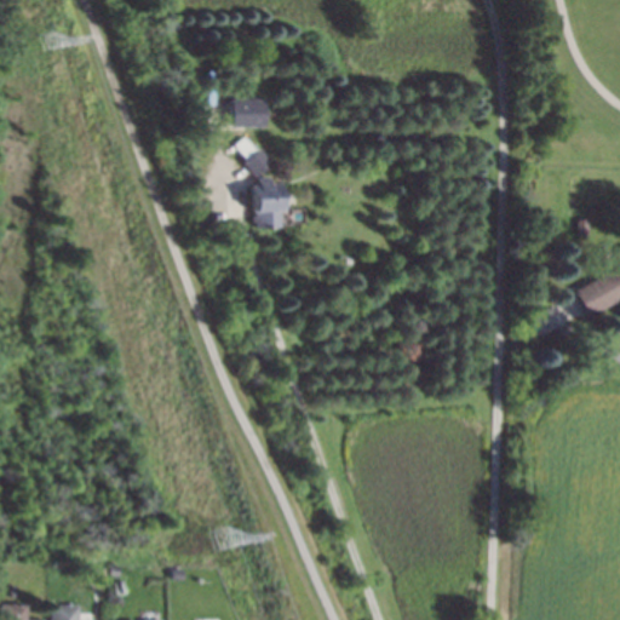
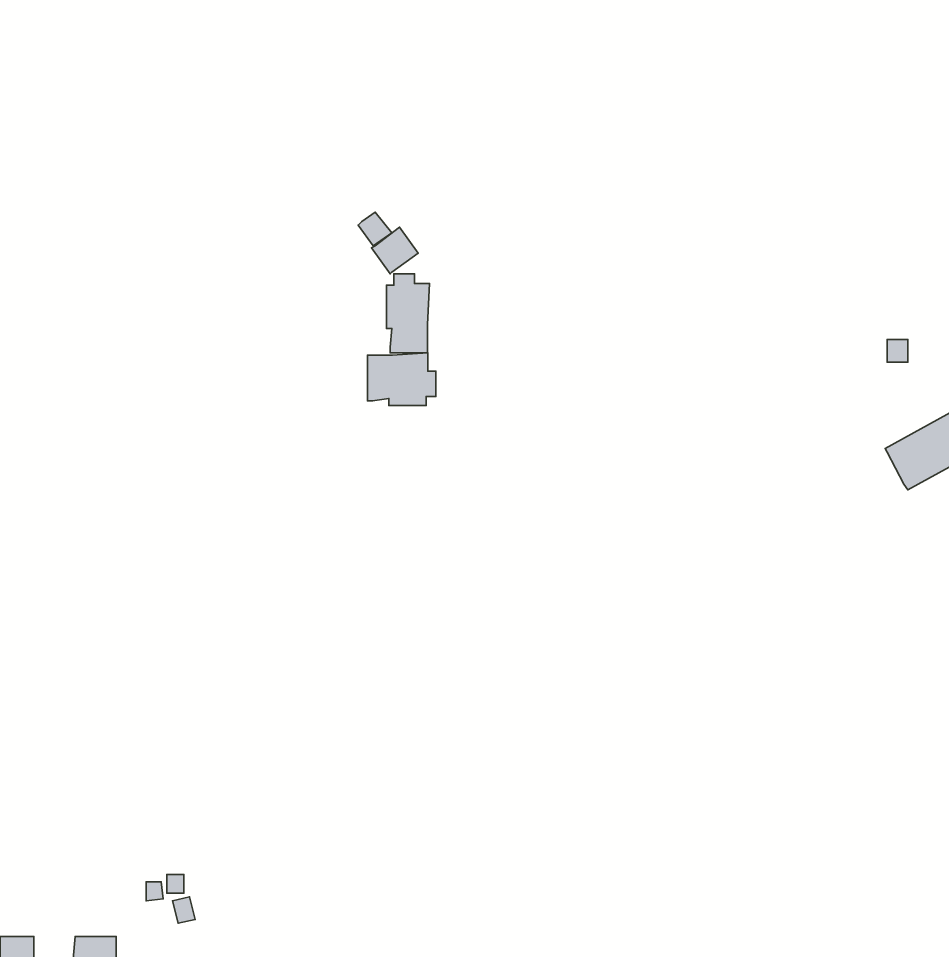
building: [232,99,266,128] -> none
building: none -> [368,353,436,406]

